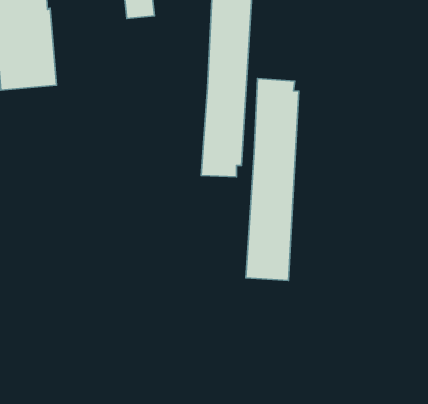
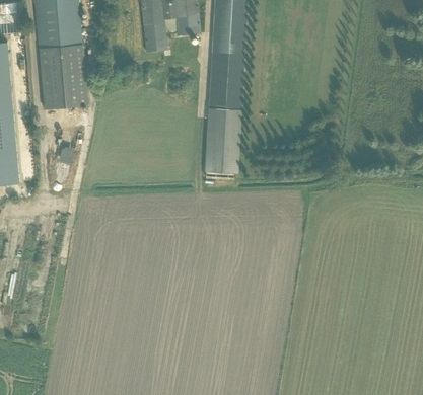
building: [246,78,299,280] -> none

